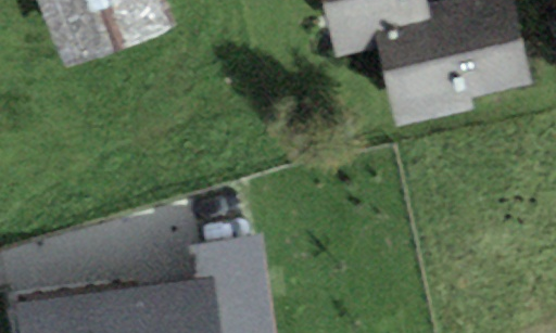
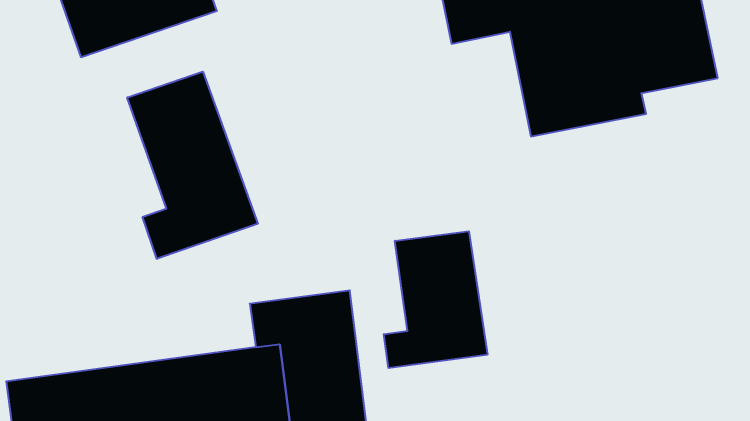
building: none -> [127,72,258,259]
building: none -> [384,231,487,368]

